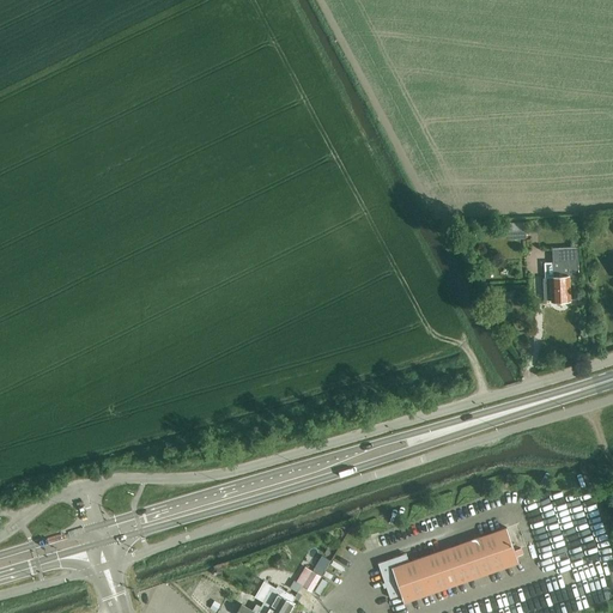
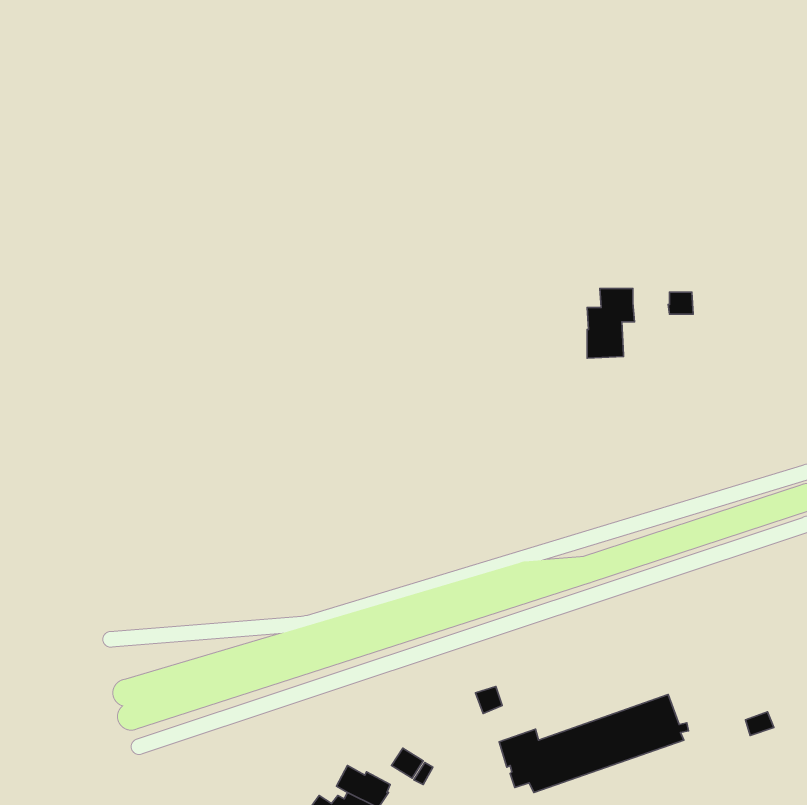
building: [544,249,579,302] -> [587,289,634,358]

